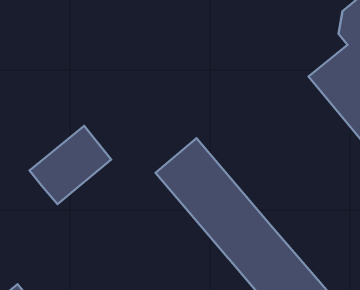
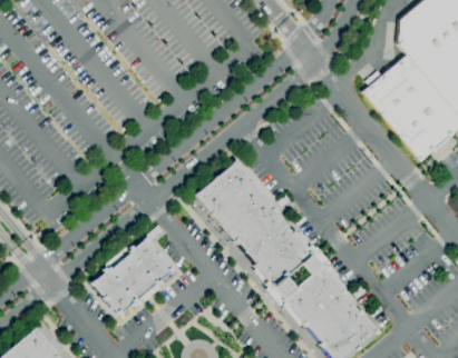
building: [30,126,111,204] -> [91,231,183,319]

